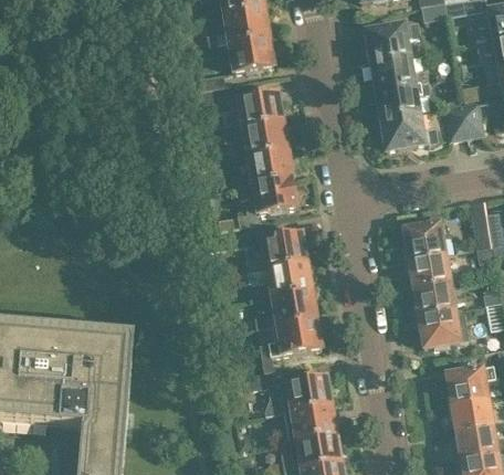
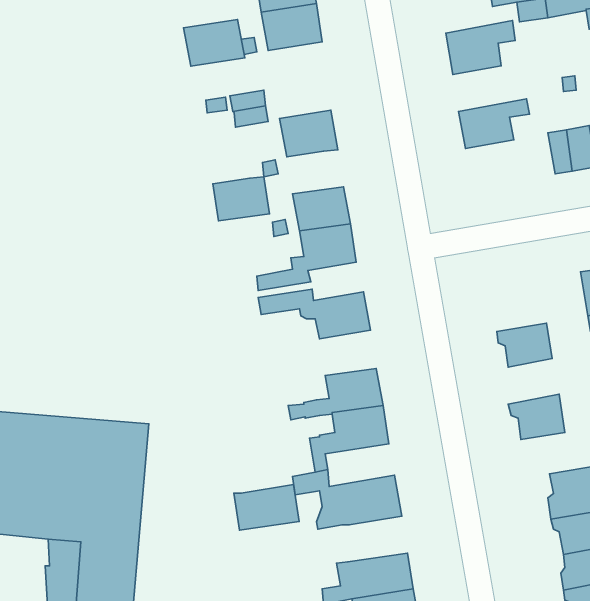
building: [228,35,275,72] -> [184,19,245,66]
building: [371,54,429,89] -> none
building: [381,112,439,149] -> none
building: [242,119,286,154] -> [213,177,270,221]
building: [402,220,447,261] -> none
building: [239,260,312,295] -> none
building: [412,282,454,317] -> none
building: [285,404,336,440] -> [234,485,299,530]

